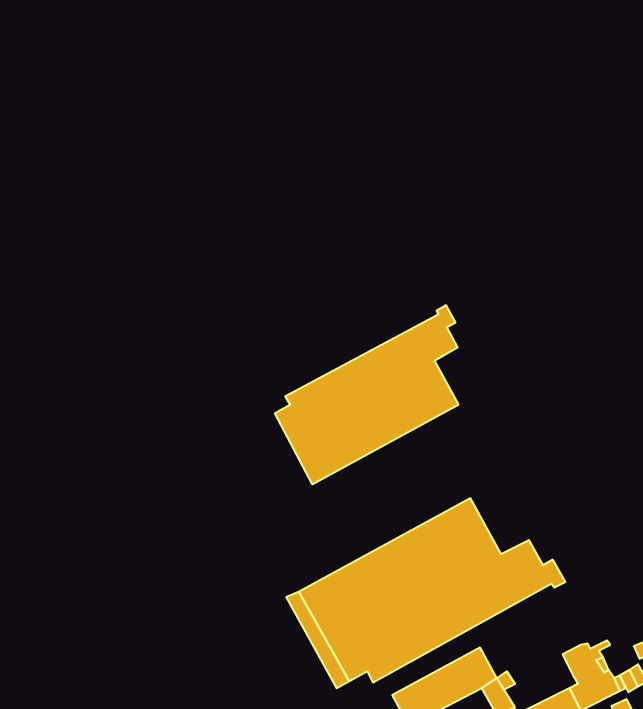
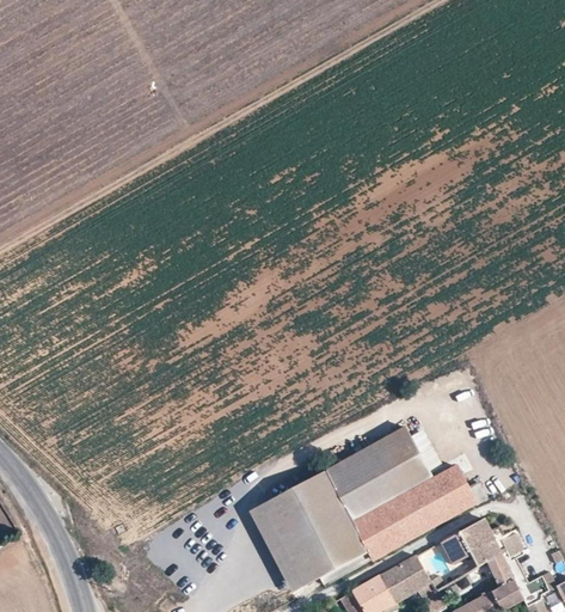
building: [275,305,458,484] -> none
building: none -> [438,519,522,567]

